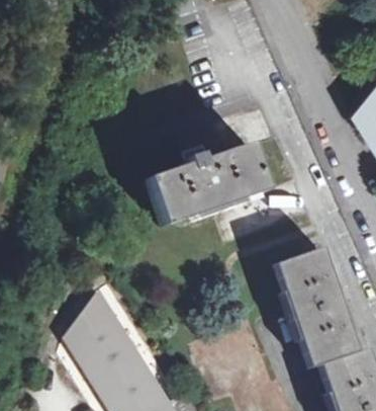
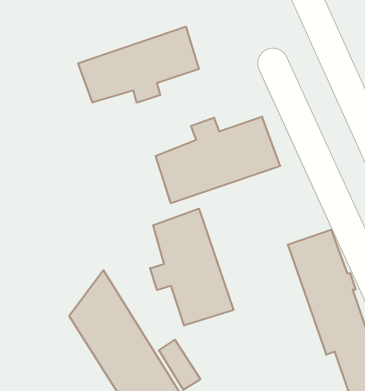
building: none -> [78,27,199,103]
building: none -> [150,209,233,326]

